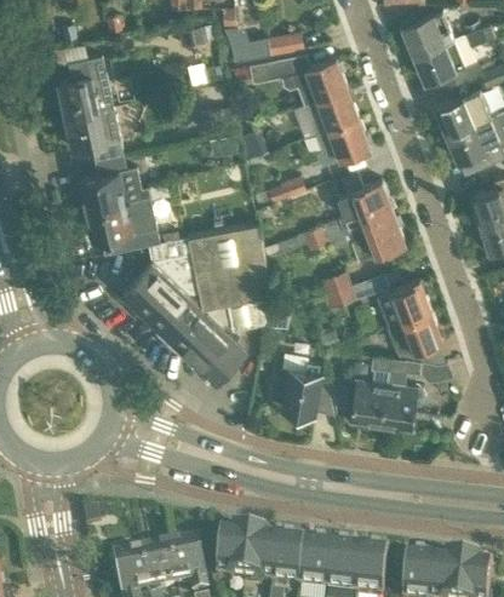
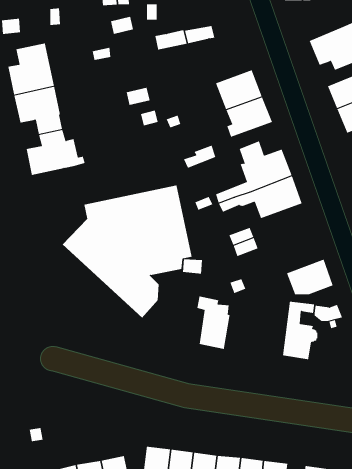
building: [402,11,453,52] -> none
building: [248,53,346,102] -> none
building: [86,196,160,249] -> none
building: [376,279,431,326] -> none
building: [350,356,390,423] -> none

